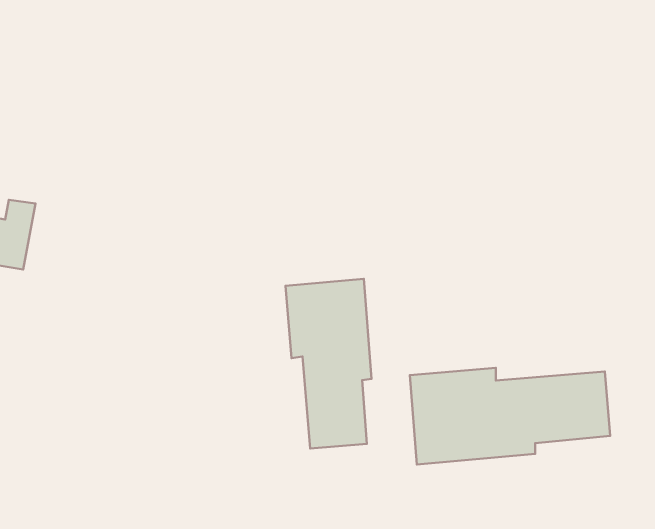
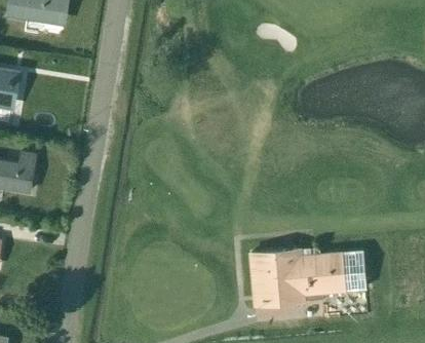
building: [286,279,372,449] -> none

